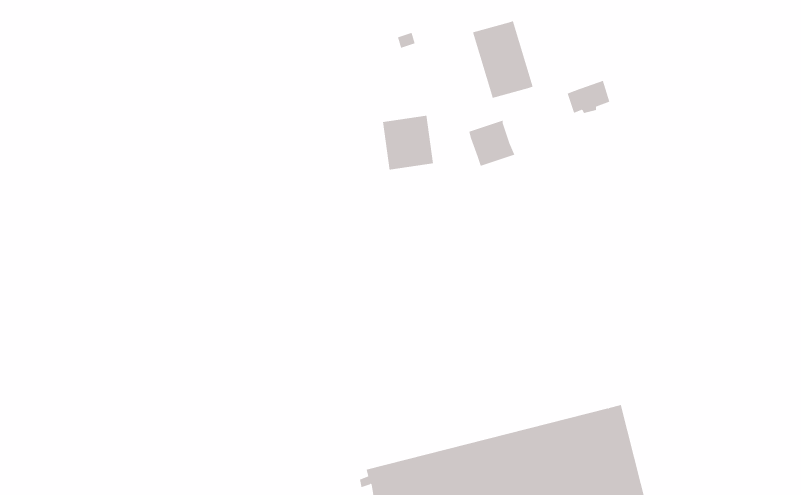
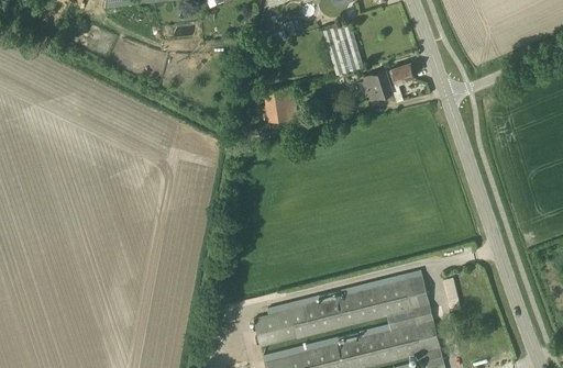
building: [469,120,515,167] -> [363,68,394,99]

